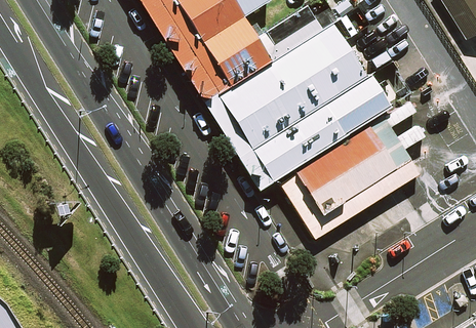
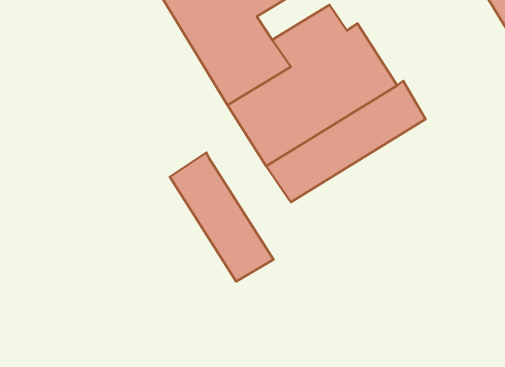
building: [277,119,418,242] -> none
building: none -> [170,153,273,281]

